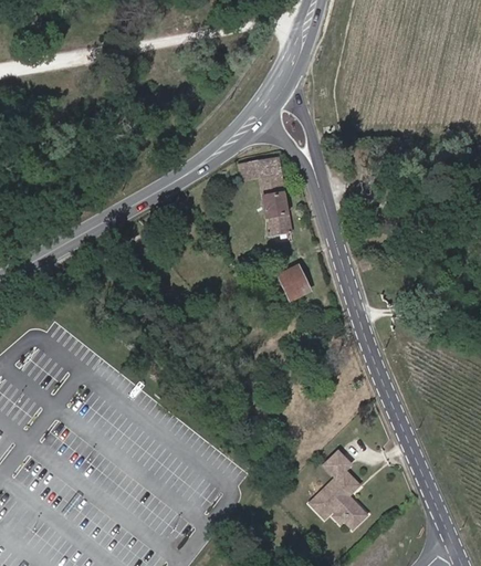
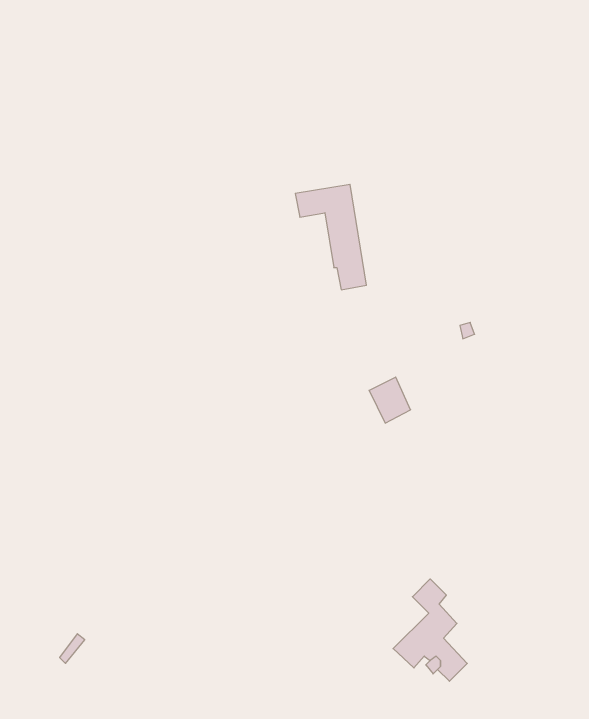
building: [278,265,309,300] -> [369,377,411,423]

